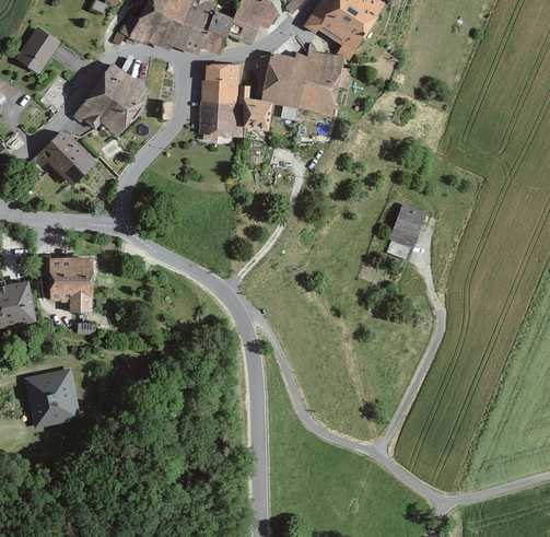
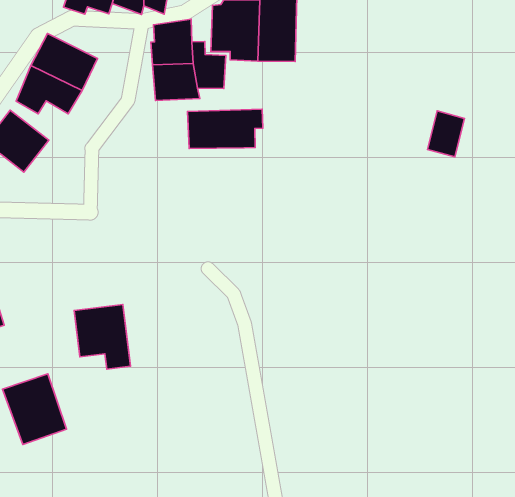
building: none -> [188,109,263,149]
building: [389,203,426,247] -> [427,111,464,157]
building: [48,256,93,313] -> [74,305,130,369]

